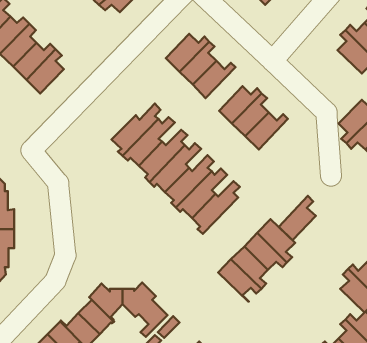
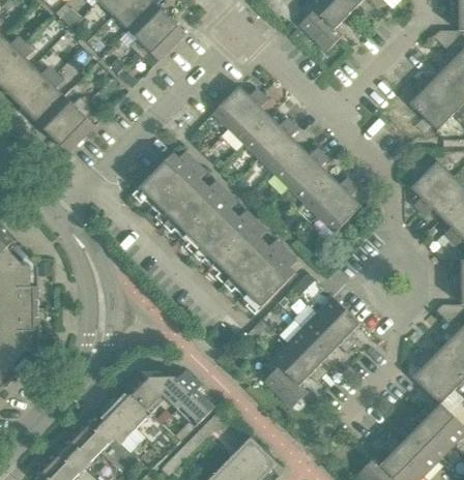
building: none -> [258,123,300,173]
building: none -> [133,151,192,206]
building: [279,196,316,240] -> [319,182,361,233]
building: none -> [264,358,307,408]

